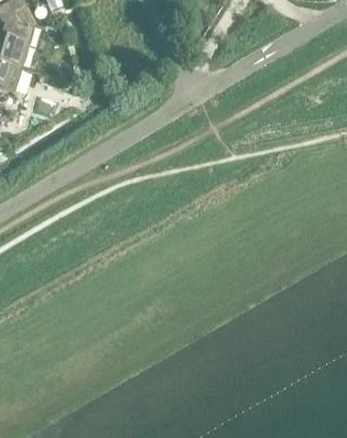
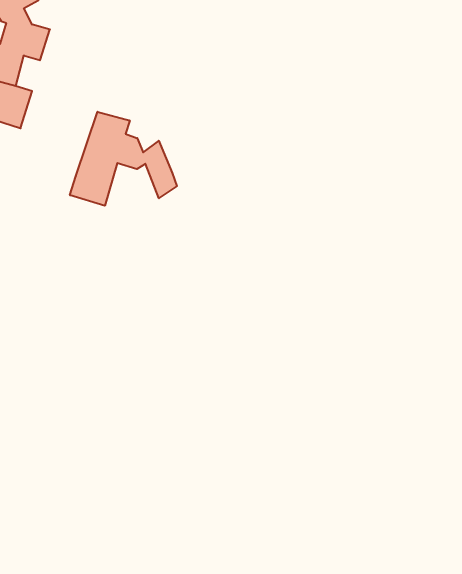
building: none -> [70,112,177,206]

